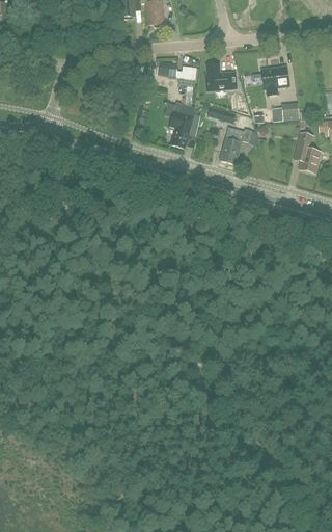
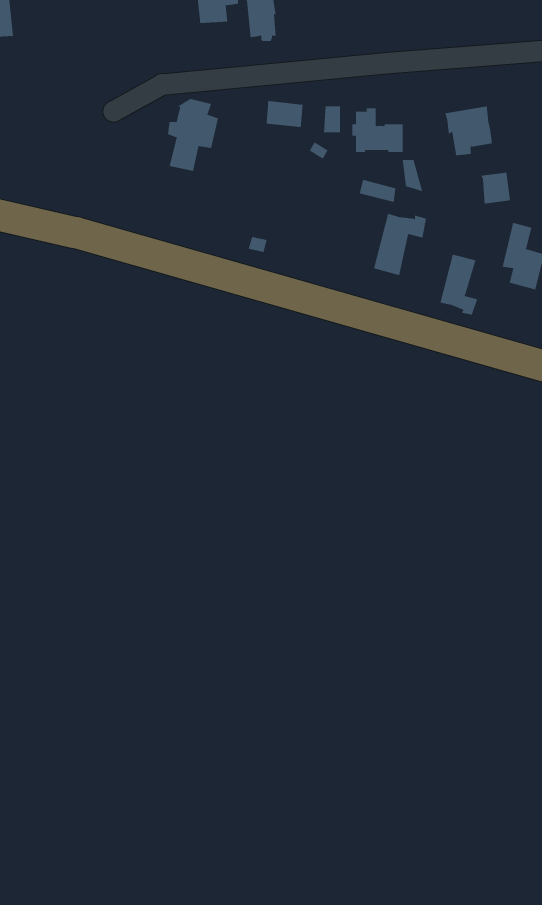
building: [169,102,199,144] -> [167,98,219,172]
building: none -> [440,254,478,316]

